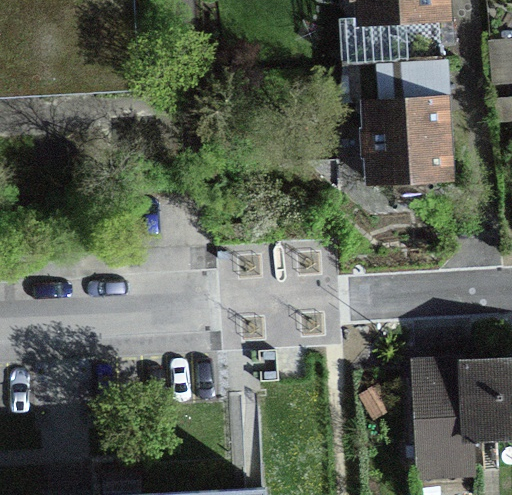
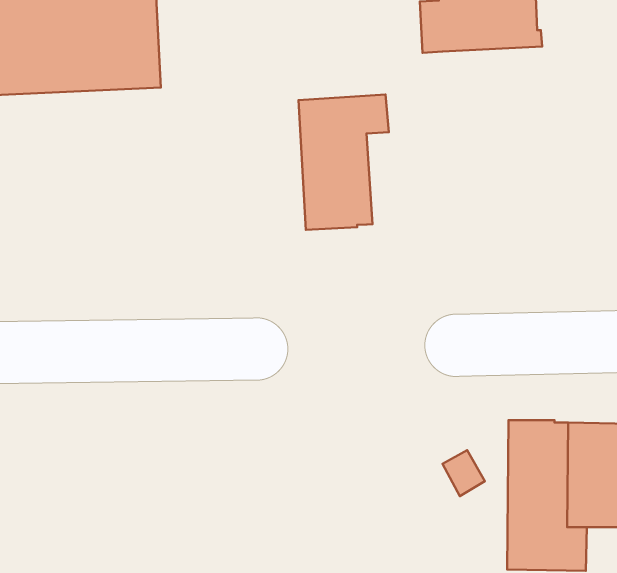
building: [361,58,448,204] -> none
building: none -> [298,95,389,230]

